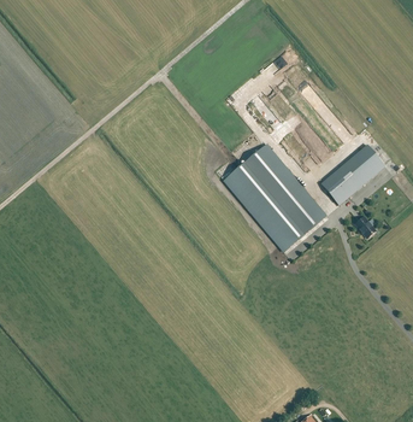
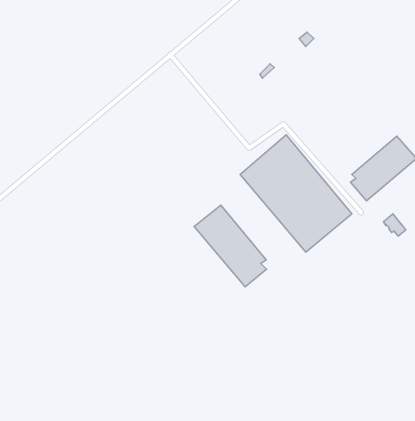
building: none -> [194,205,266,287]

